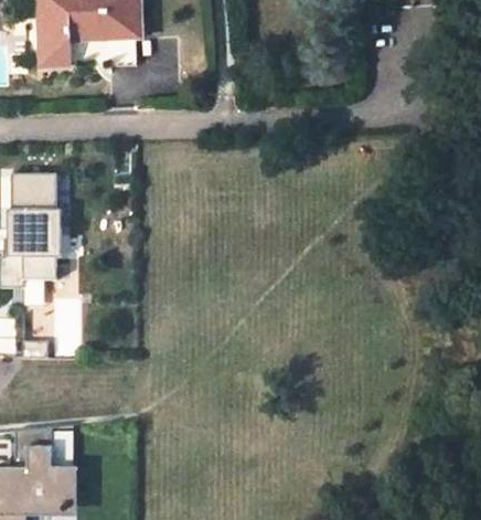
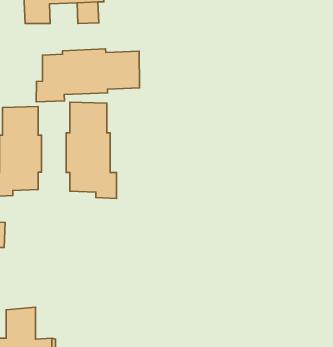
building: none -> [36,49,140,102]
building: none -> [66,102,117,199]

